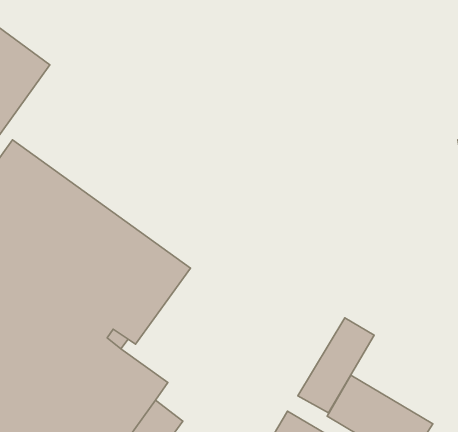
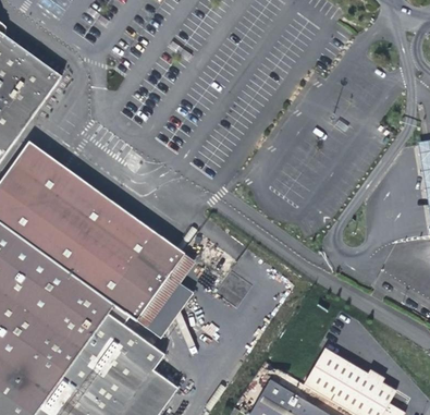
building: none -> [136,254,195,338]
building: [298,318,374,413] -> none

